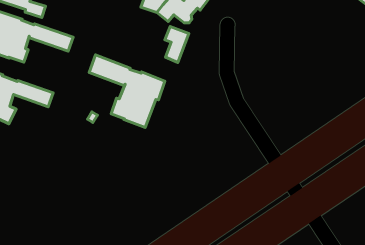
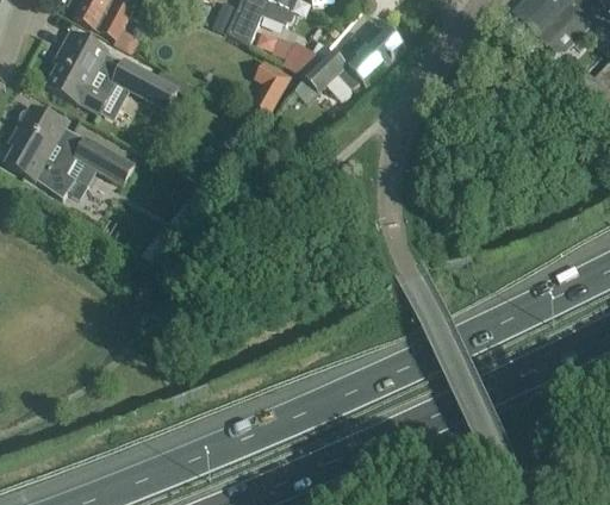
building: [165,27,189,63] -> [254,58,293,112]
building: [89,55,165,127] -> none

